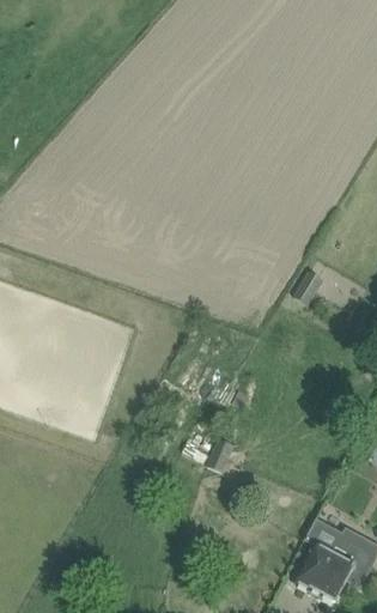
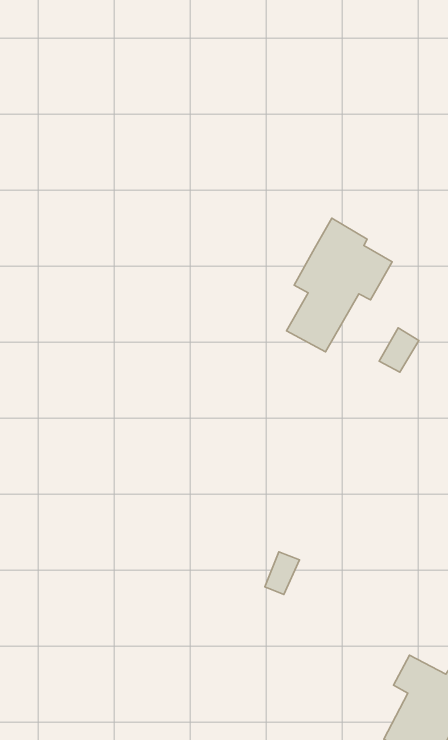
building: none -> [286,218,392,352]

